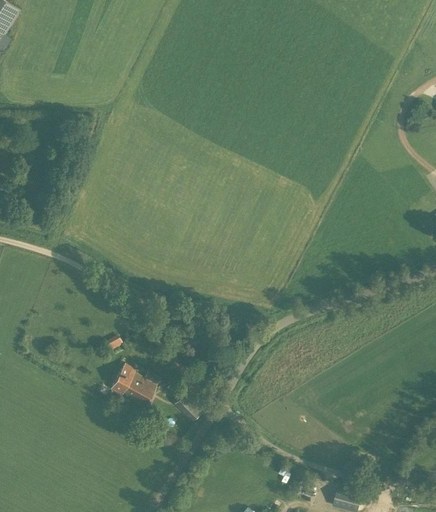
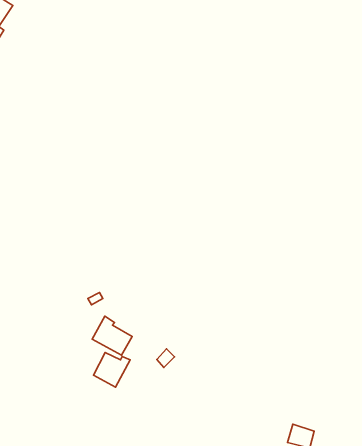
building: none -> [93,353,130,387]

